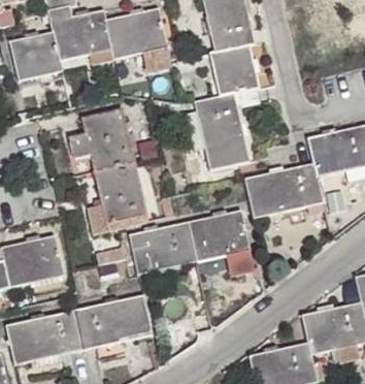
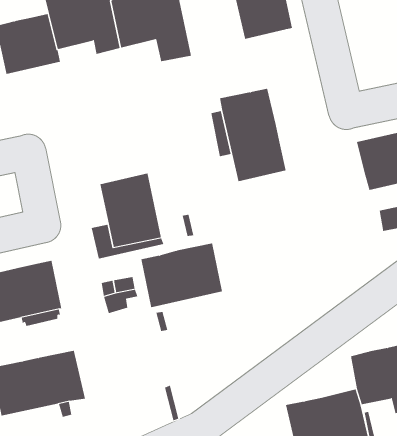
building: [209,43,259,95] -> none
building: [69,106,135,171] -> none
building: [243,162,326,219] -> none
building: [189,207,255,275] -> none
building: [74,293,153,349] -> none

